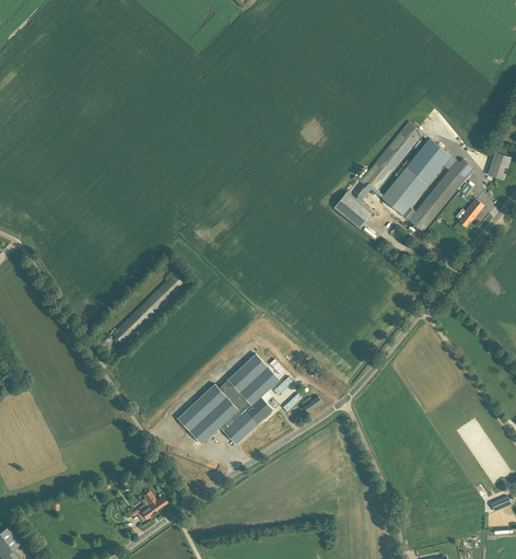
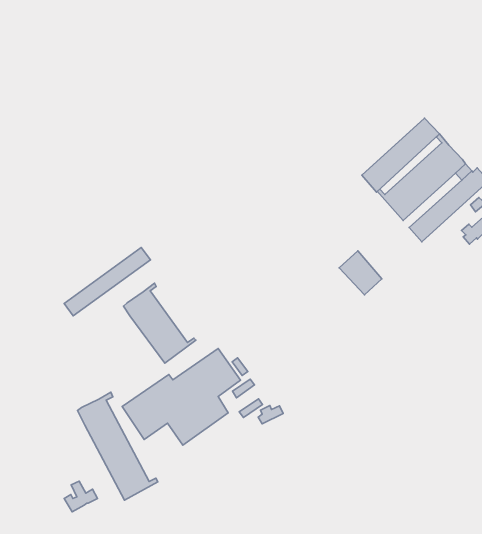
building: [332,193,372,231] -> [339,251,382,295]
building: none -> [124,283,196,363]
building: none -> [77,392,158,500]

